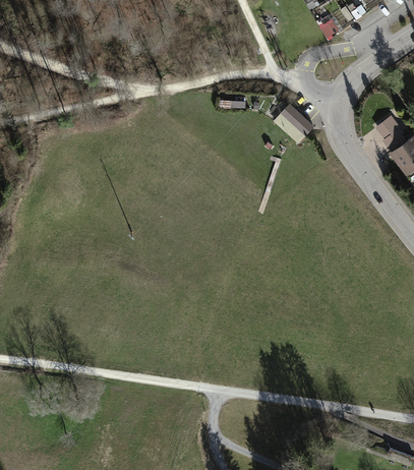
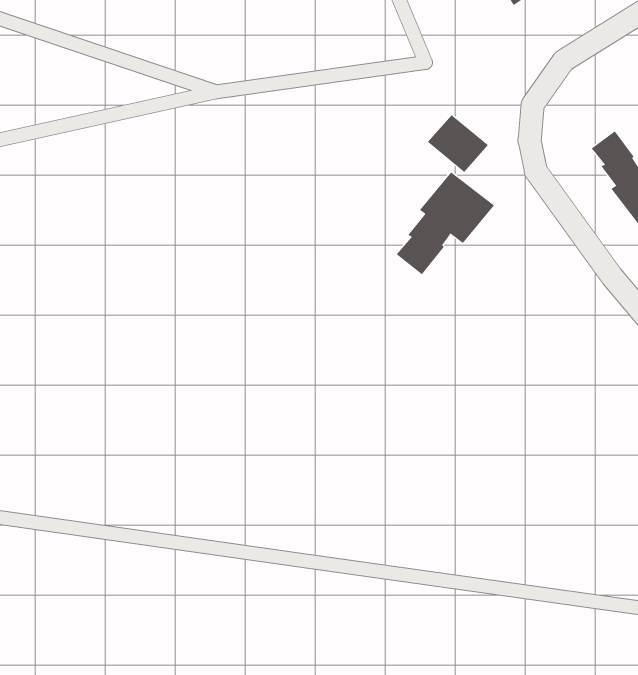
building: none -> [396,172,495,275]

